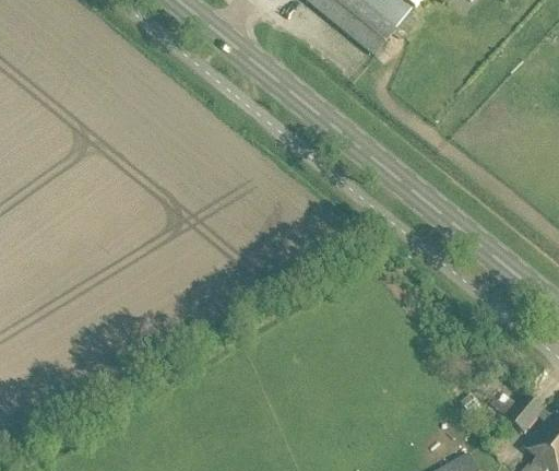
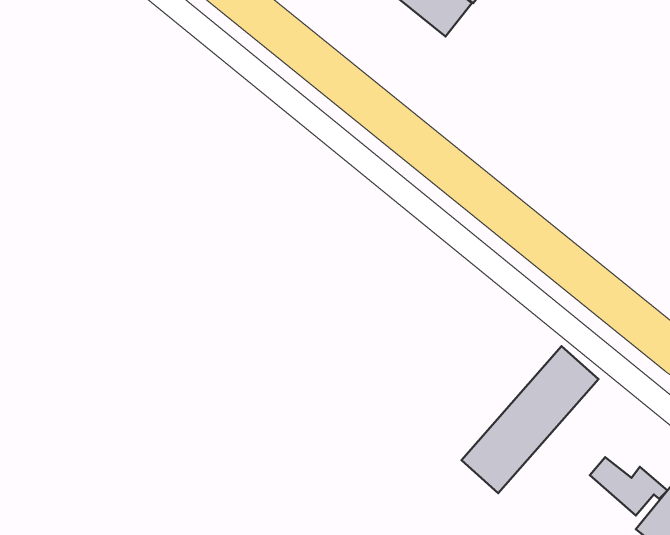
building: none -> [461,346,598,493]

